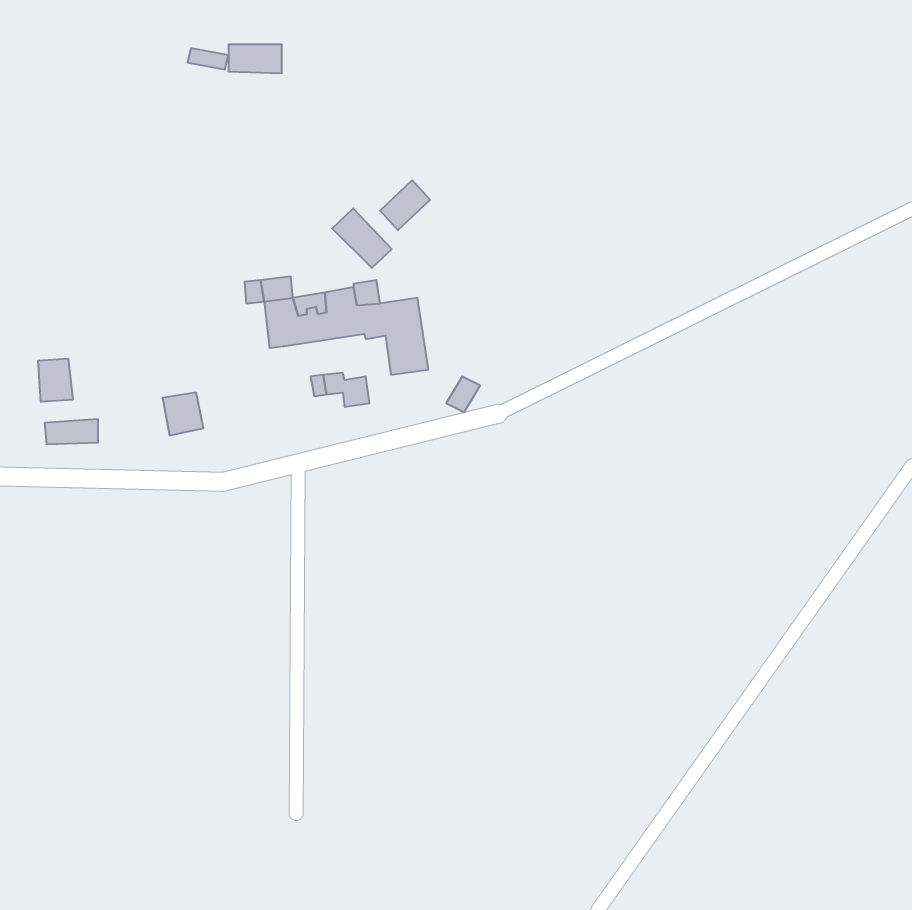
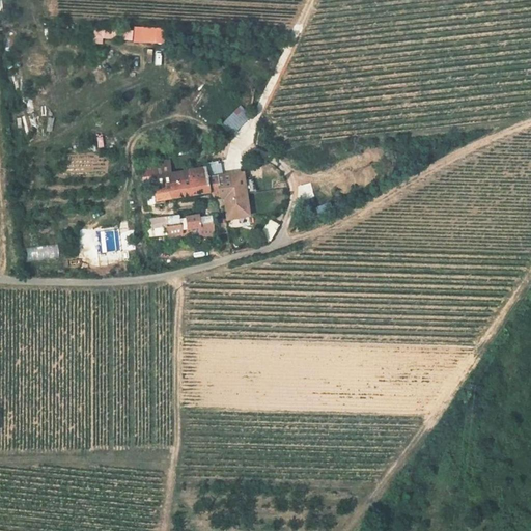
building: [332,208,392,268] -> none
building: [38,359,73,402] -> none

